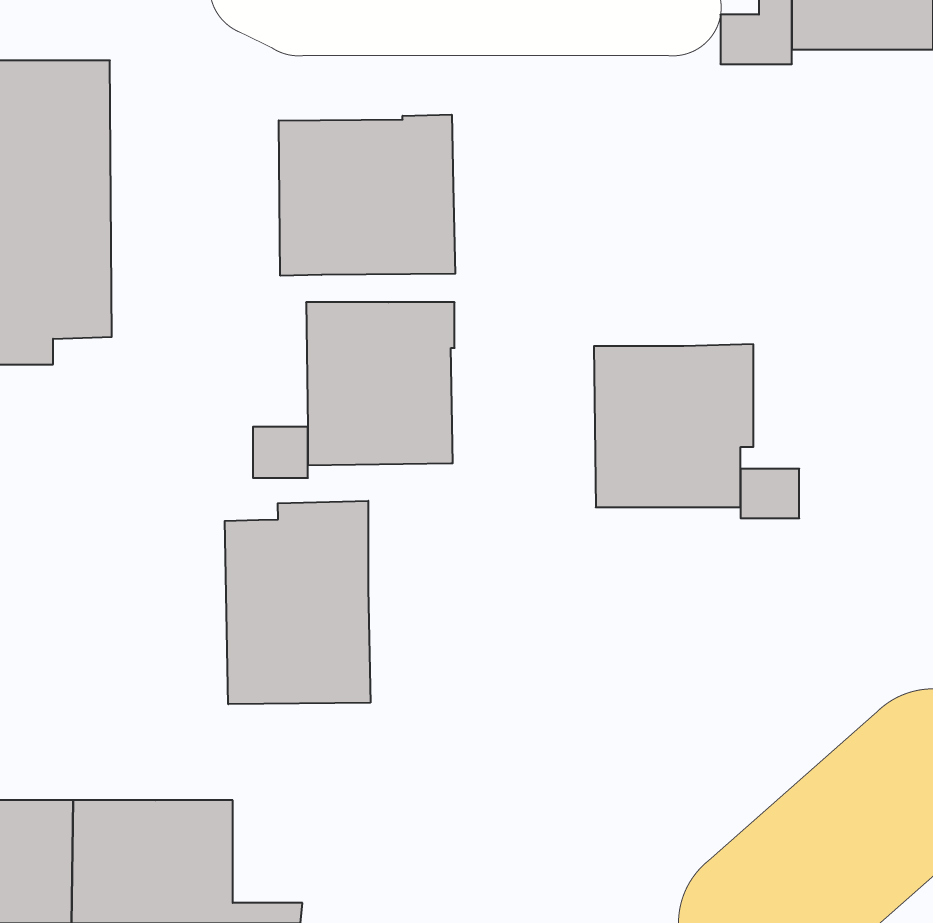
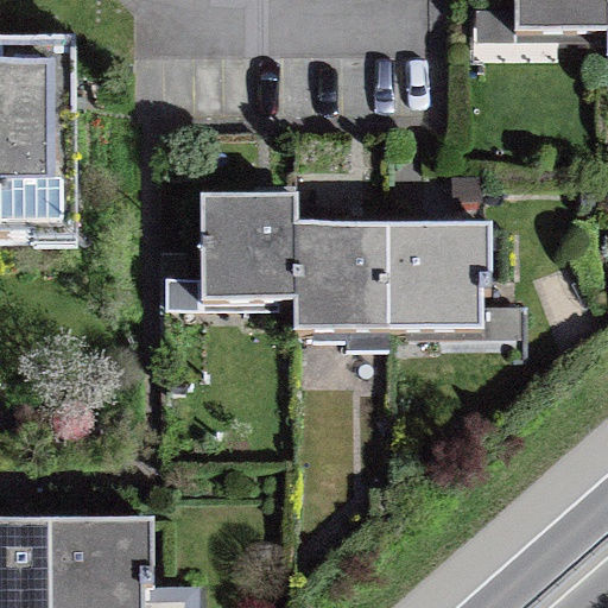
building: [279,115,455,276] -> none
building: none -> [292,224,386,330]
building: [225,501,370,704] -> none

